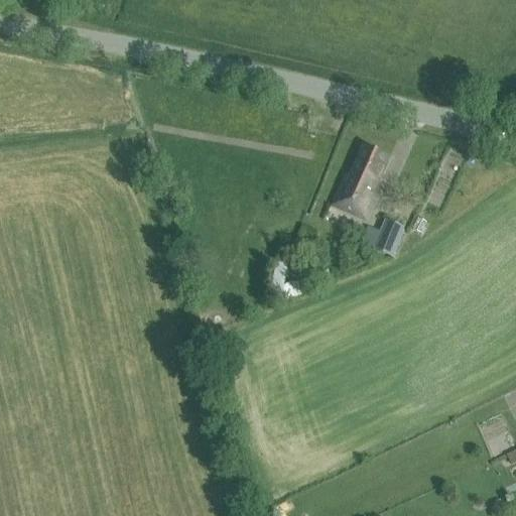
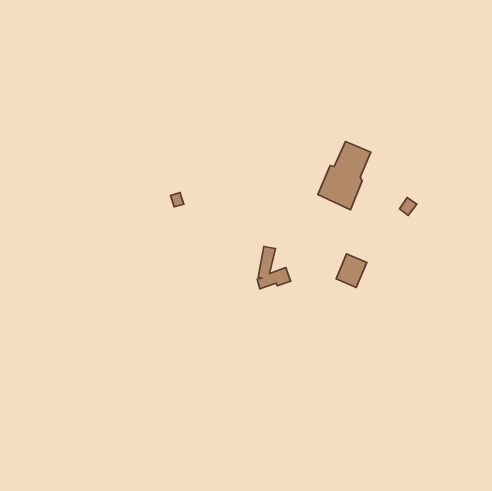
building: [374,219,406,254] -> [336,254,367,288]

